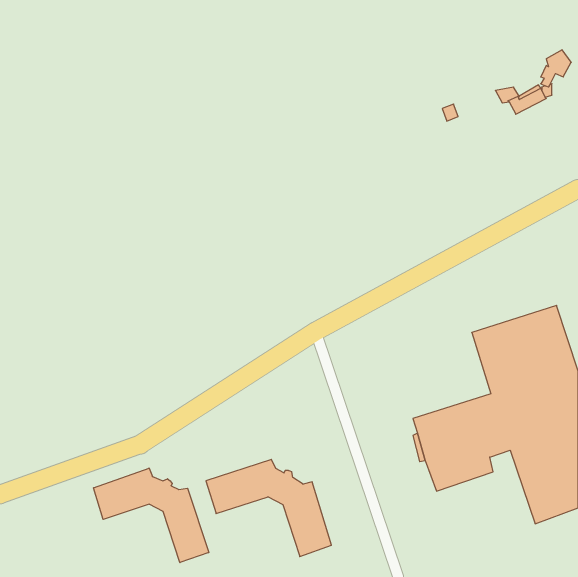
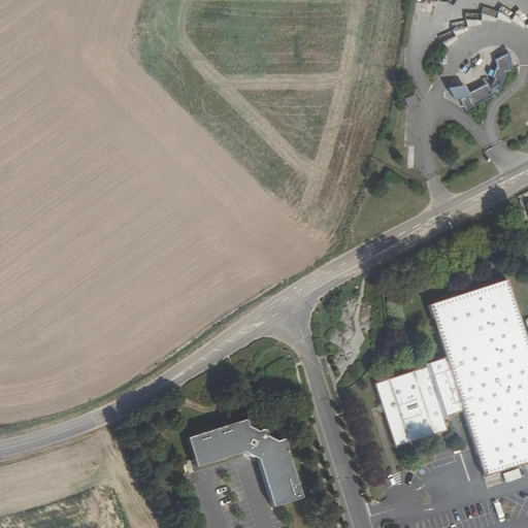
building: [94,468,209,563] -> none

